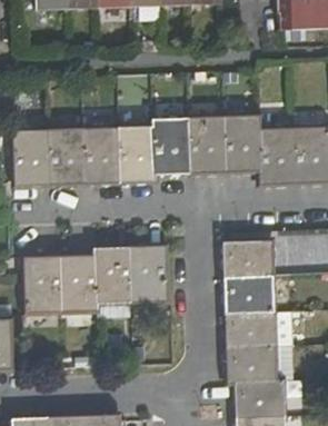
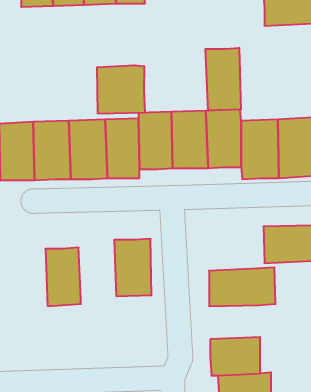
building: none -> [206,48,241,111]
building: none -> [97,65,145,114]
building: [222,240,272,277] -> none
building: [92,246,130,305] -> none
building: [24,255,61,314] -> none
building: [223,310,290,346] -> none

